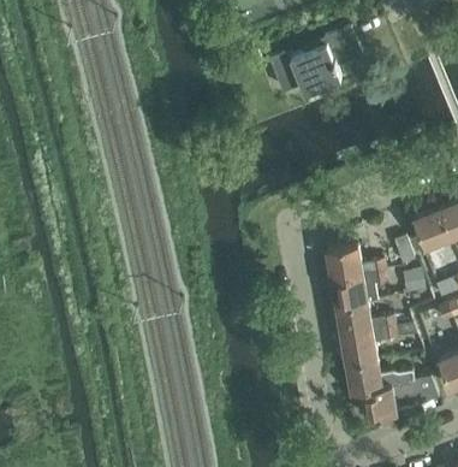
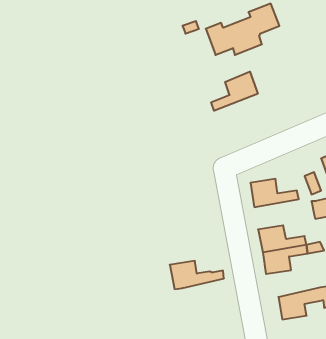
building: none -> [211,72,258,111]
building: [332,271,388,308] -> none
building: [346,359,414,394] -> [170,261,224,289]

